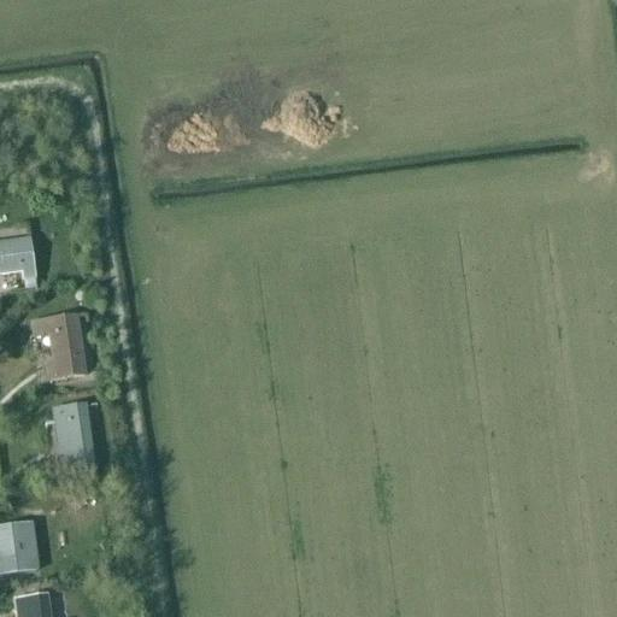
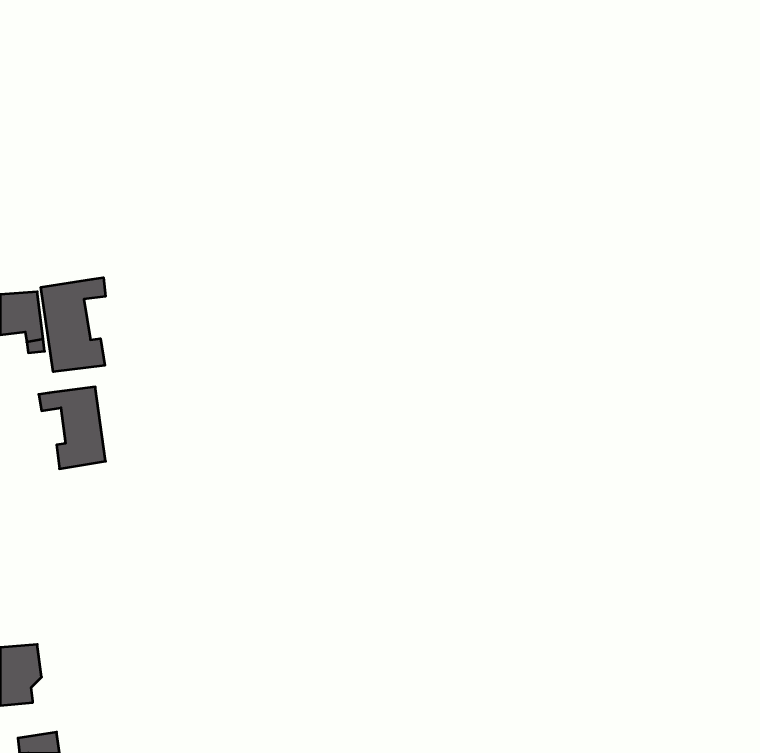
building: none -> [41,278,105,372]
building: [53,402,93,466] -> none

